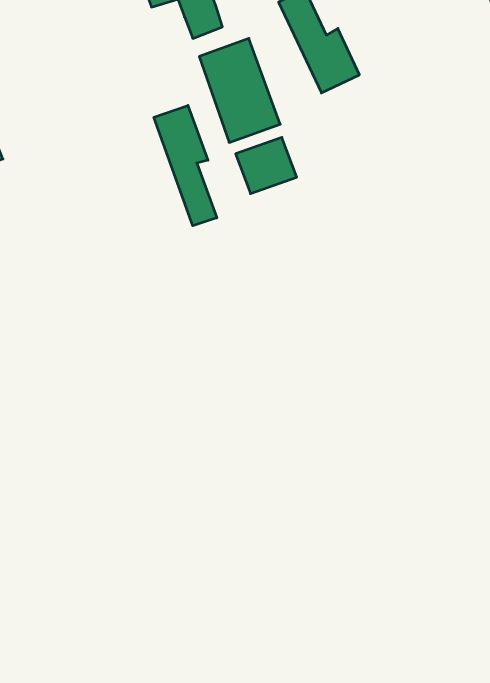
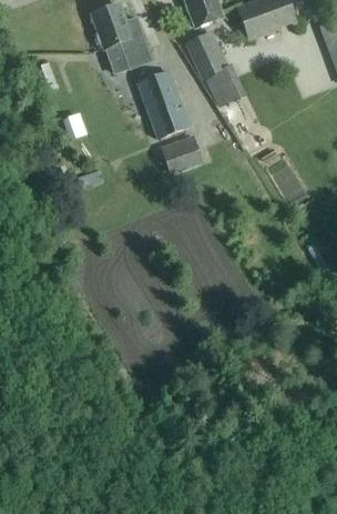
building: [154,105,217,226] -> none

